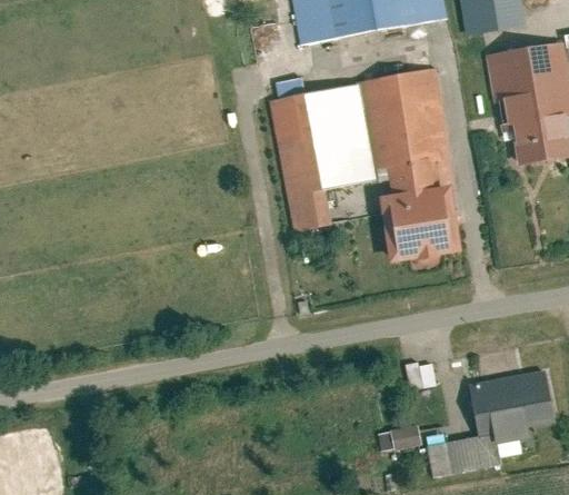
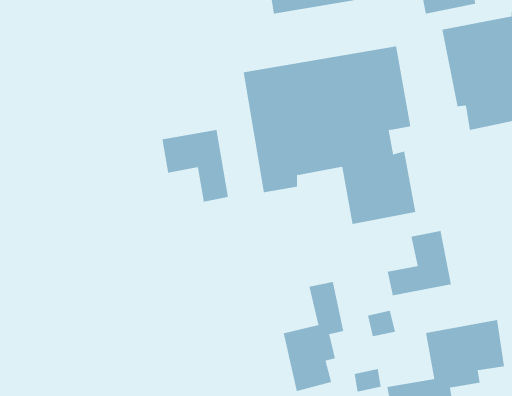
building: none -> [162,129,228,203]
building: none -> [387,230,452,296]
building: none -> [283,281,344,392]

